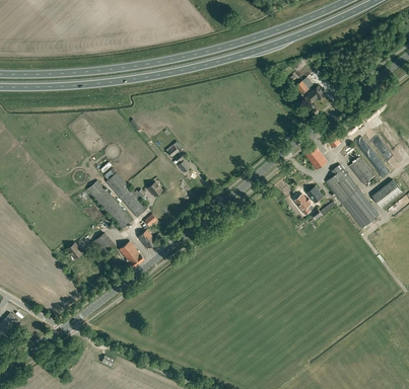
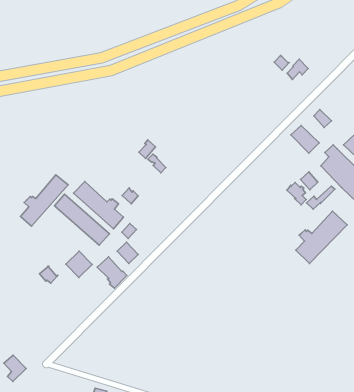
building: none -> [20,175,68,226]
building: none -> [296,211,347,263]

